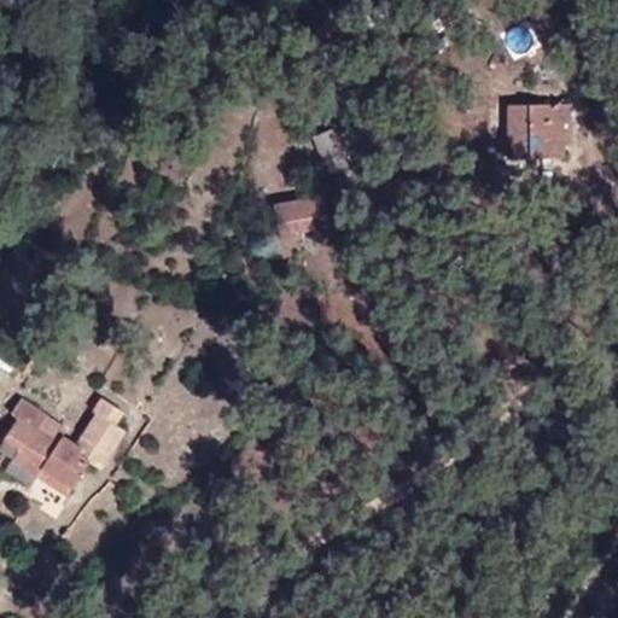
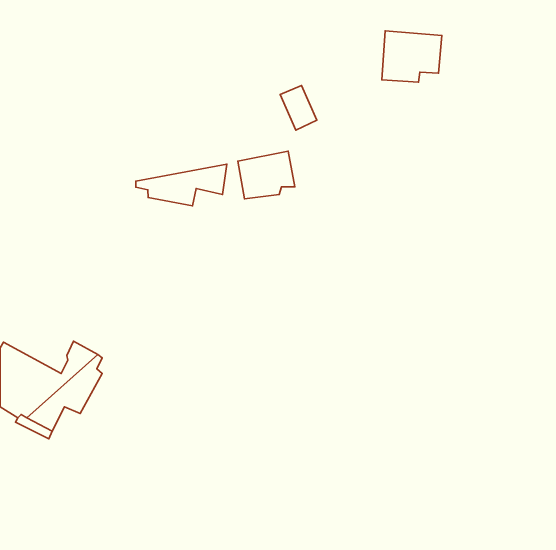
building: [503,106,569,162] -> [382,31,442,82]
building: none -> [136,164,227,206]

